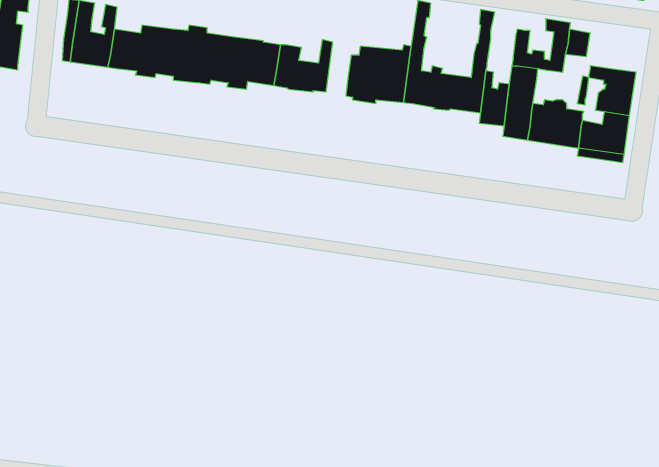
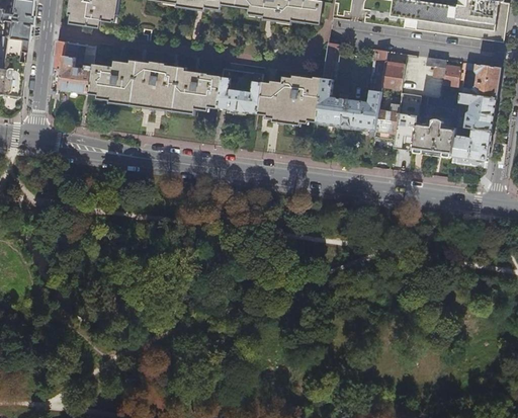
building: none -> [460,62,501,97]
building: none -> [381,65,403,87]
building: none -> [256,81,275,115]

